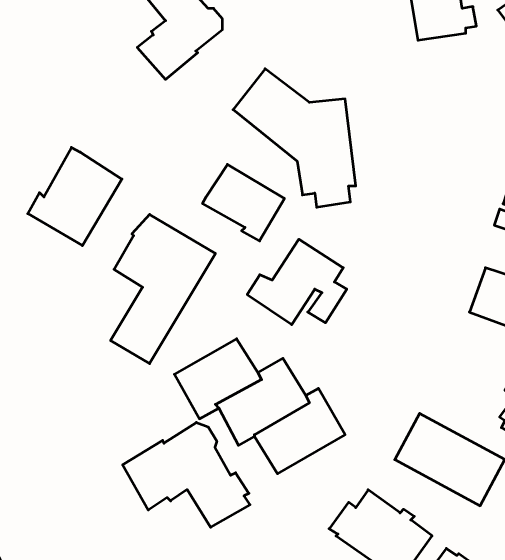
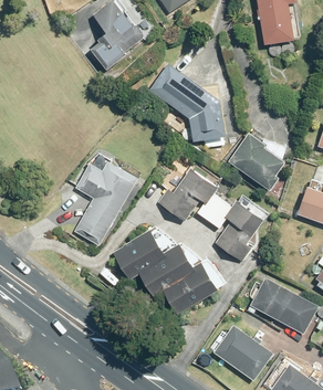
building: [28,147,122,246] -> none
building: [203,164,284,241] -> none
building: none -> [228,131,286,191]
building: none -> [207,199,263,261]
building: [123,422,250,527] -> none

